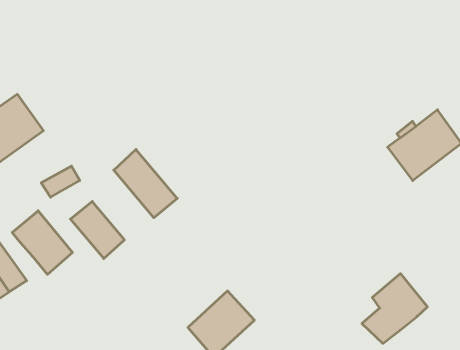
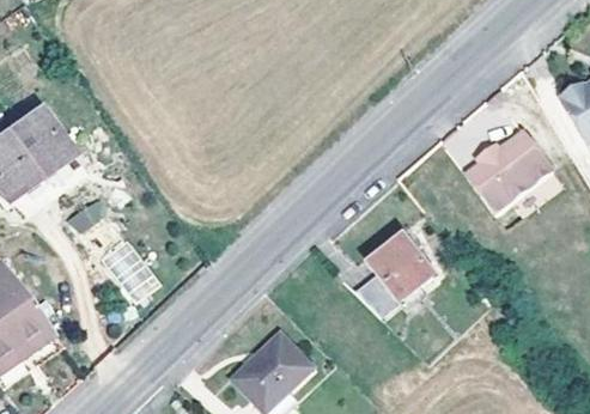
building: [114,149,177,218] -> none
building: [12,211,72,274] -> none
building: [362,274,427,343] -> [359,237,434,317]

